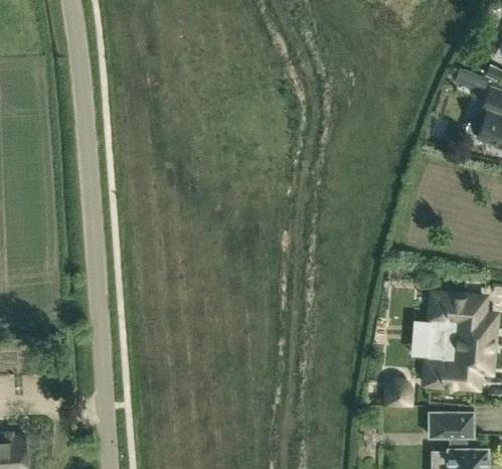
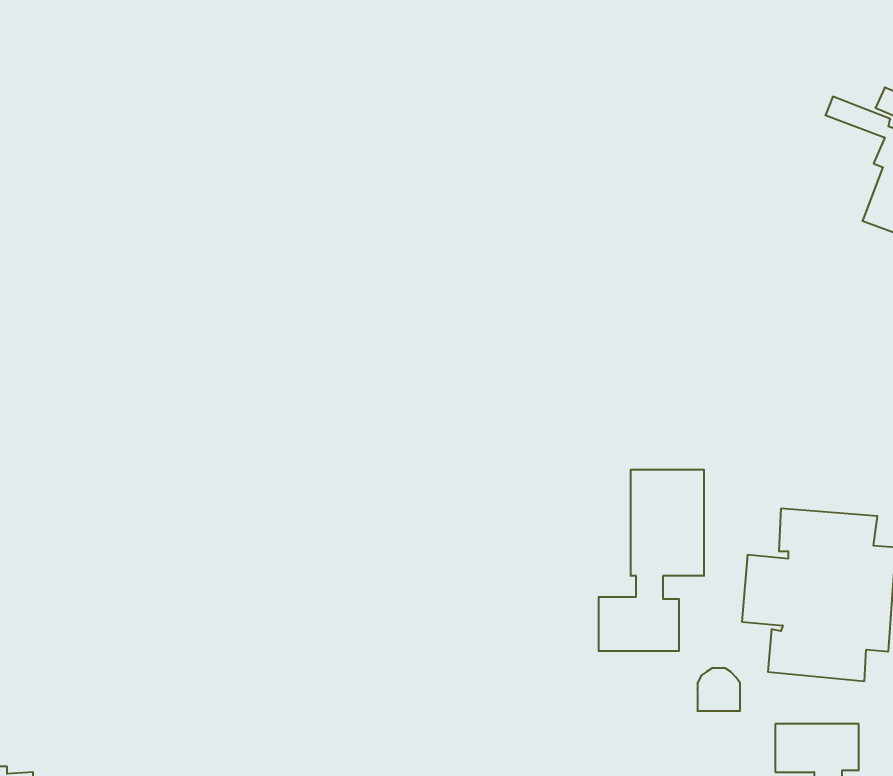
building: none -> [599,470,704,651]

